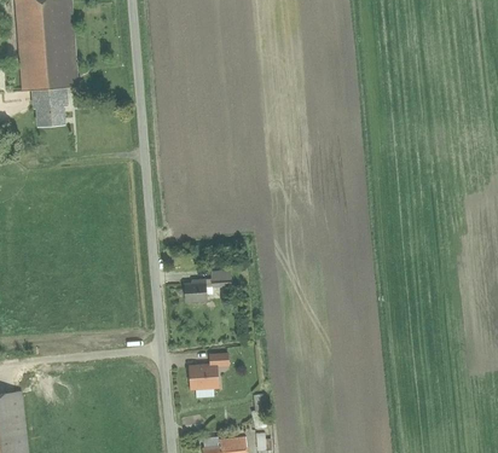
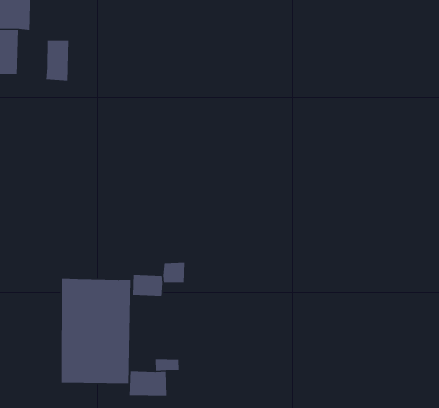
building: none -> [46,40,69,82]
building: none -> [61,278,131,384]

